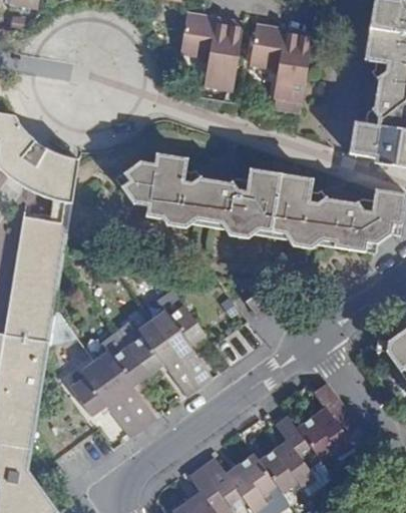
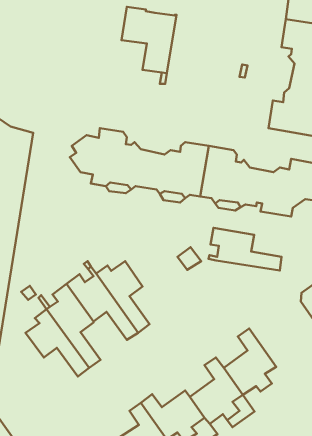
building: [249,25,312,101] -> none
building: none -> [208,228,281,271]

